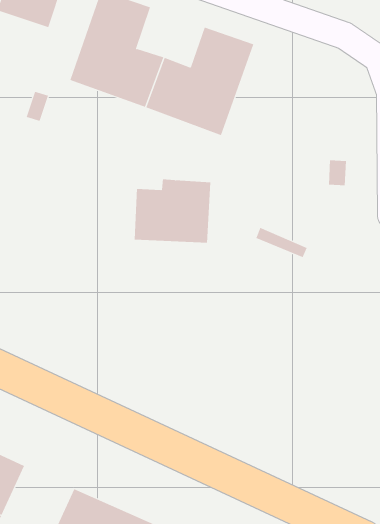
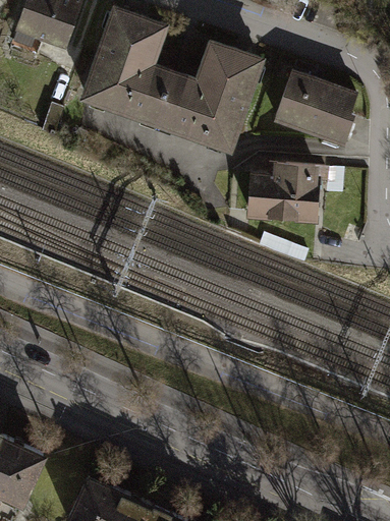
building: none -> [273,69,355,144]
building: [134,179,211,243] -> [246,162,319,222]

